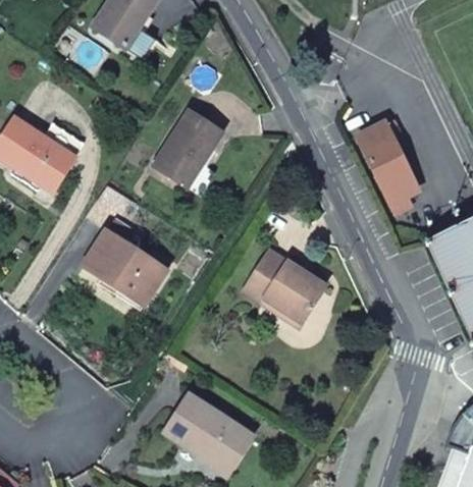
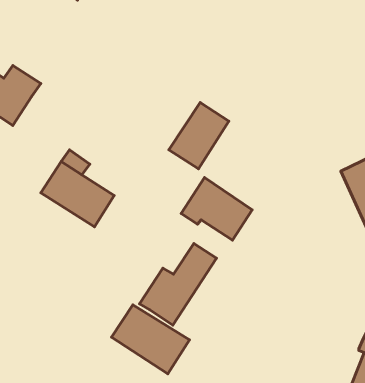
building: [154,111,222,186] -> [169,102,229,169]
building: [358,122,419,213] -> none
building: none -> [139,244,216,325]

